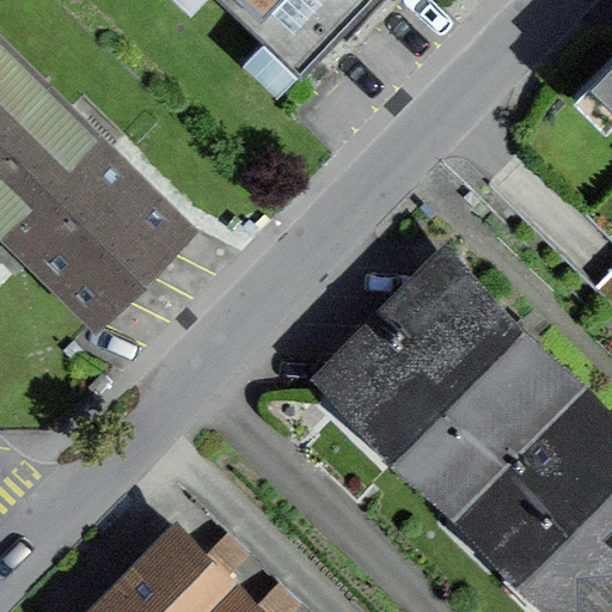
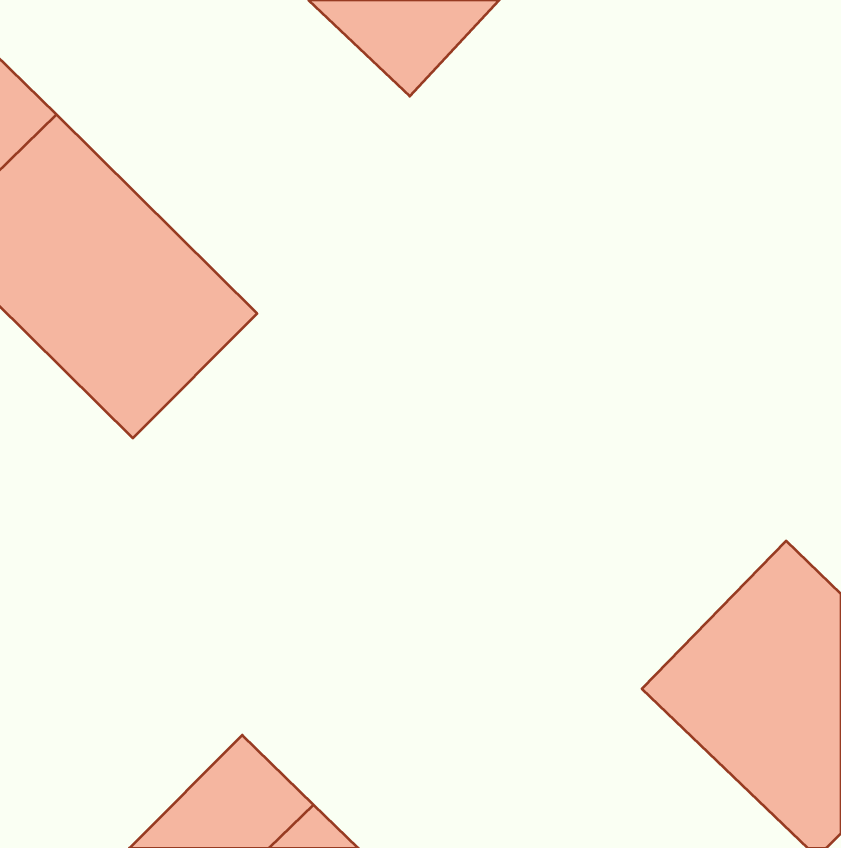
building: [337,268,567,496] -> none

